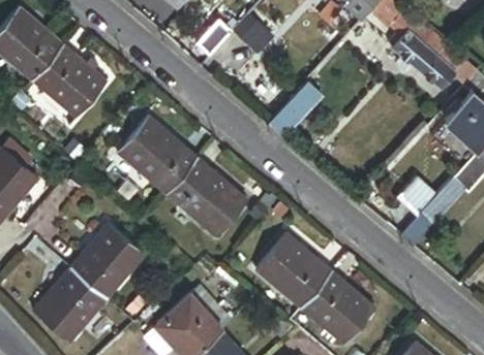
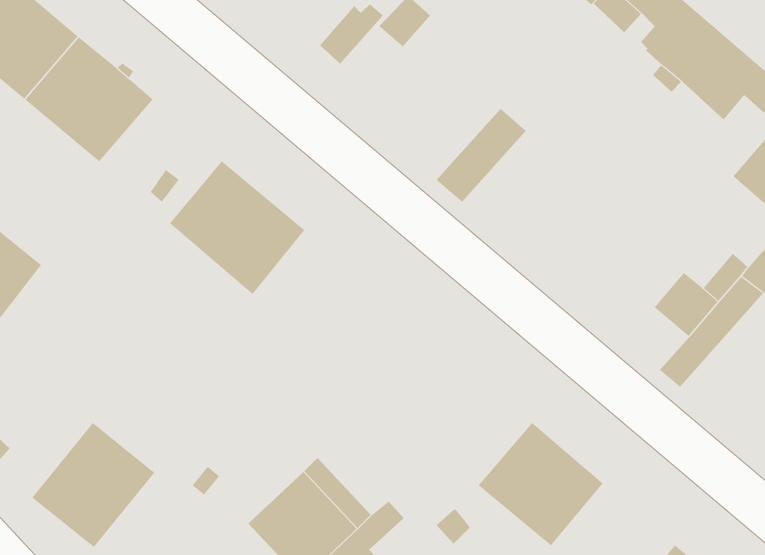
building: [163,155,244,233] -> none
building: [68,223,143,298] -> none
building: [252,231,329,305] -> none

